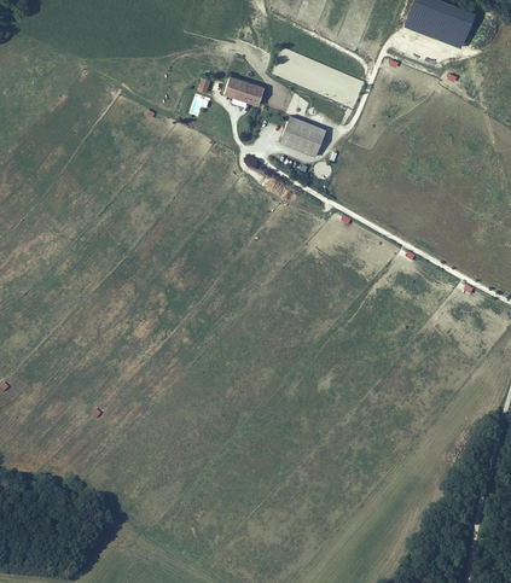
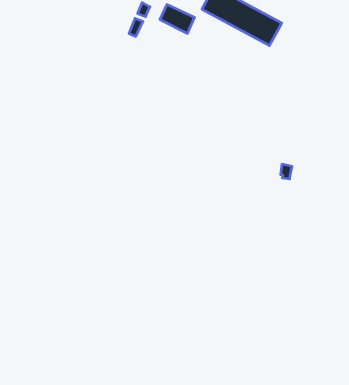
building: [279,116,325,157] -> none

